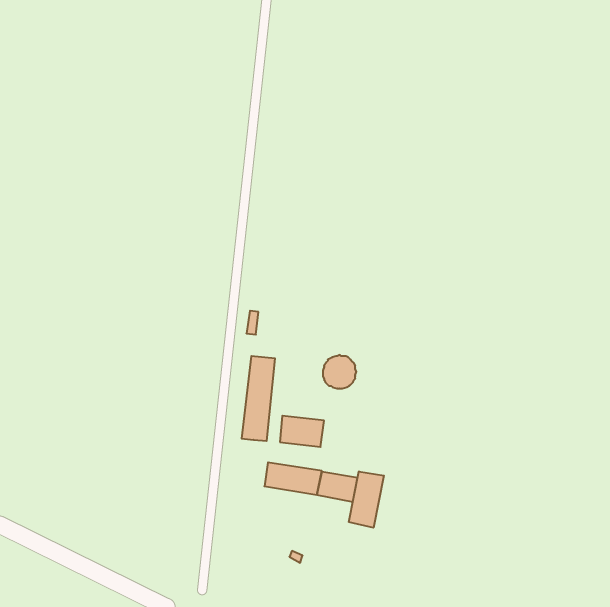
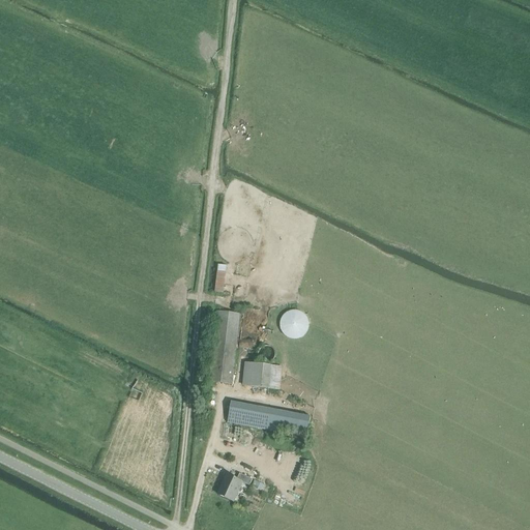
building: [349,471,384,528] -> none
building: none -> [216,471,251,499]

